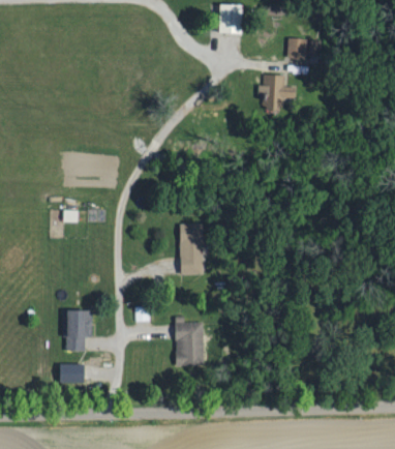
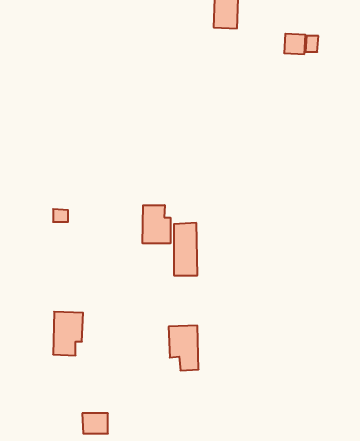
building: [263,76,294,106] -> none
building: none -> [143,205,170,243]
building: [59,363,84,383] -> [82,413,108,434]

